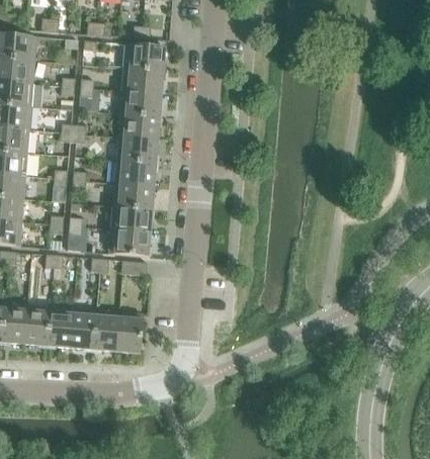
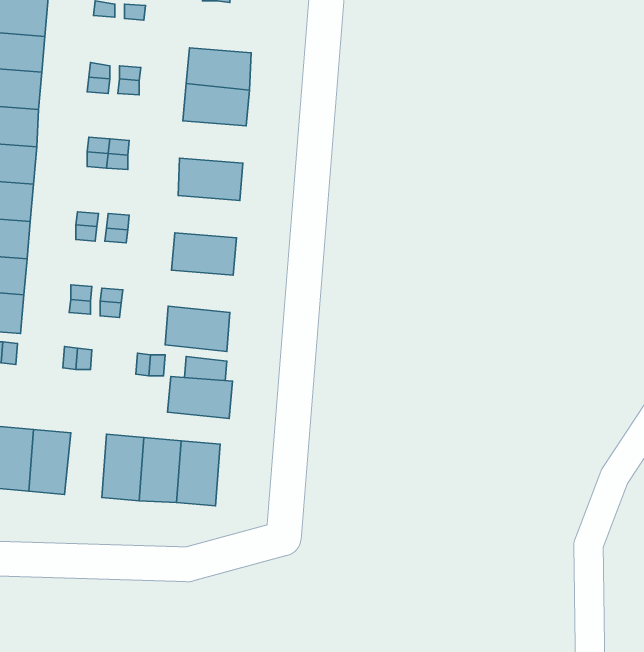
building: [124,44,165,72] -> none
building: [118,114,160,141] -> none
building: [115,161,156,187] -> none
building: [111,207,152,234] -> [168,376,232,419]
building: [47,308,73,349] -> none

